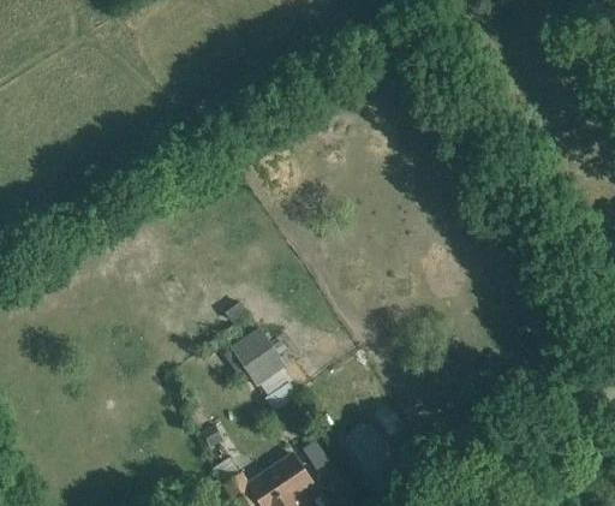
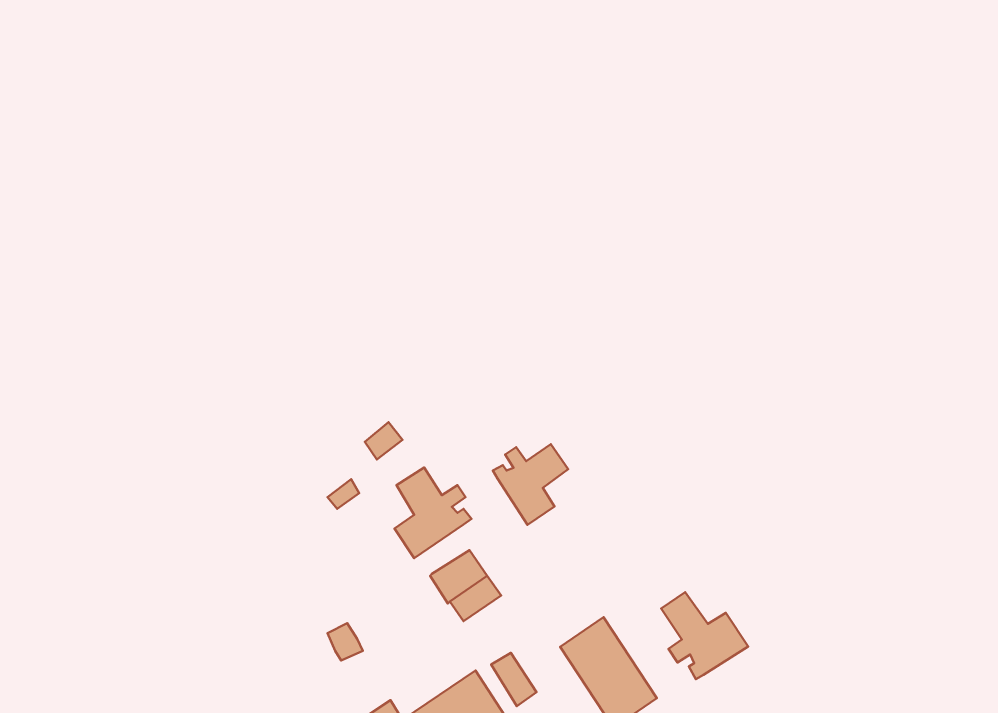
building: none -> [493,444,568,525]
building: none -> [661,592,748,679]

